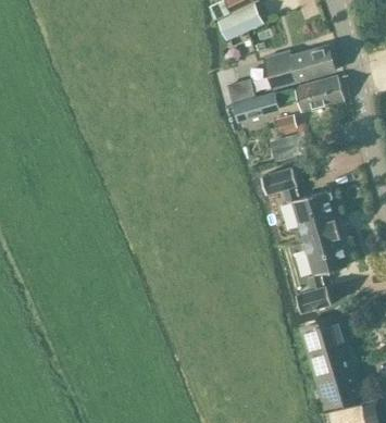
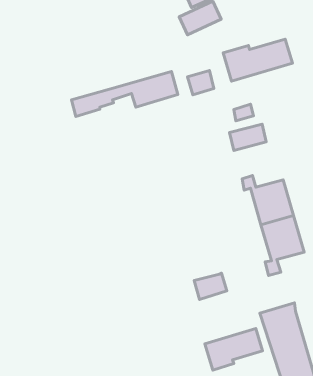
building: [235,76,345,123] -> [72,71,178,117]
building: [263,167,298,195] -> none
building: [298,286,332,313] -> [194,273,227,299]
building: none -> [205,328,263,370]

